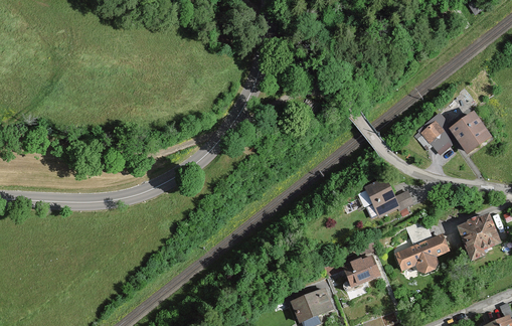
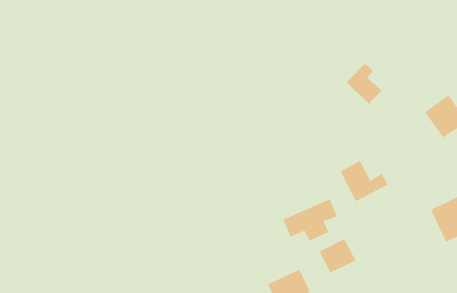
building: [418,109,456,151] -> [346,63,383,104]
building: [393,232,450,276] -> [282,198,338,241]

